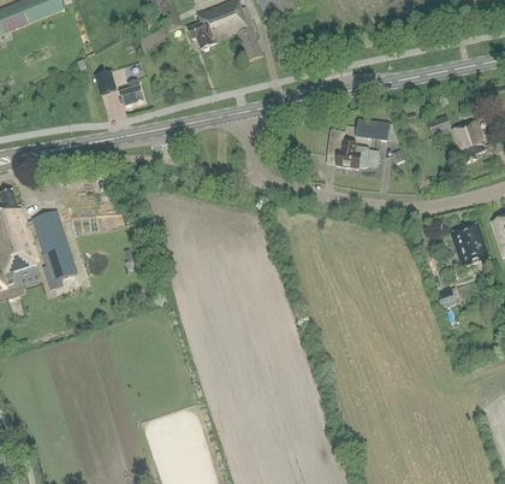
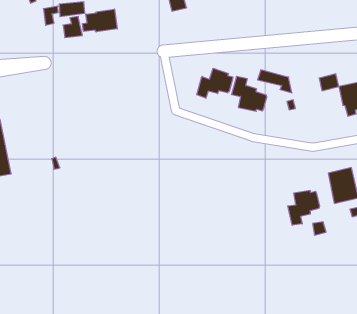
building: none -> [83,9,117,32]
building: none -> [197,68,233,98]
building: none -> [288,190,320,225]

